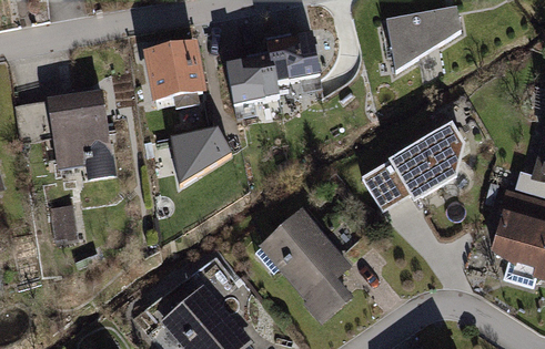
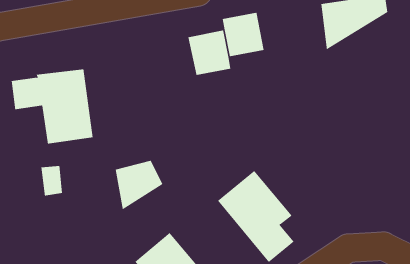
building: [142,33,205,105] -> none
building: [171,121,229,181] -> [115,160,163,210]
building: [363,129,465,213] -> none

